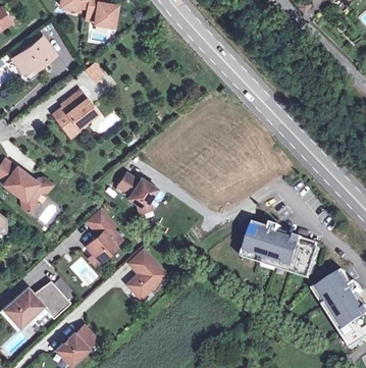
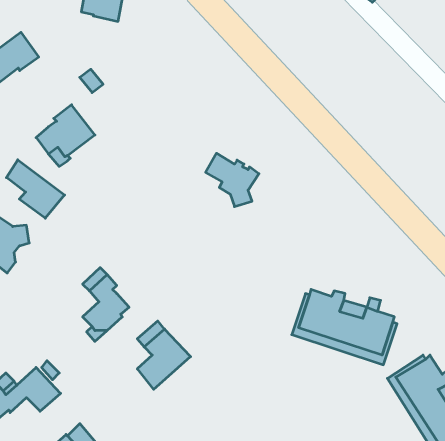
building: none -> [6,160,65,218]
building: [114,172,154,212] -> [206,153,259,207]

